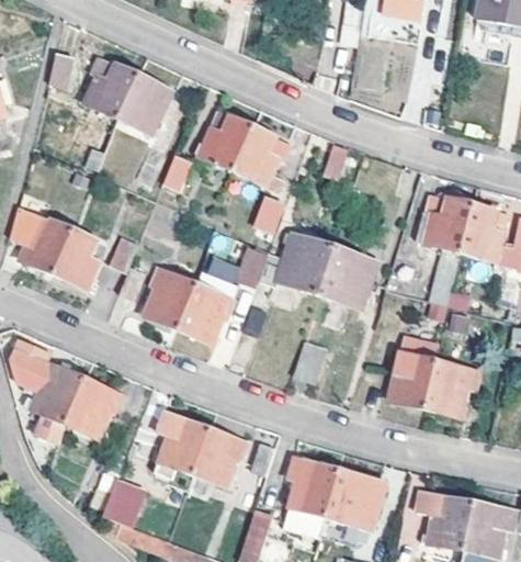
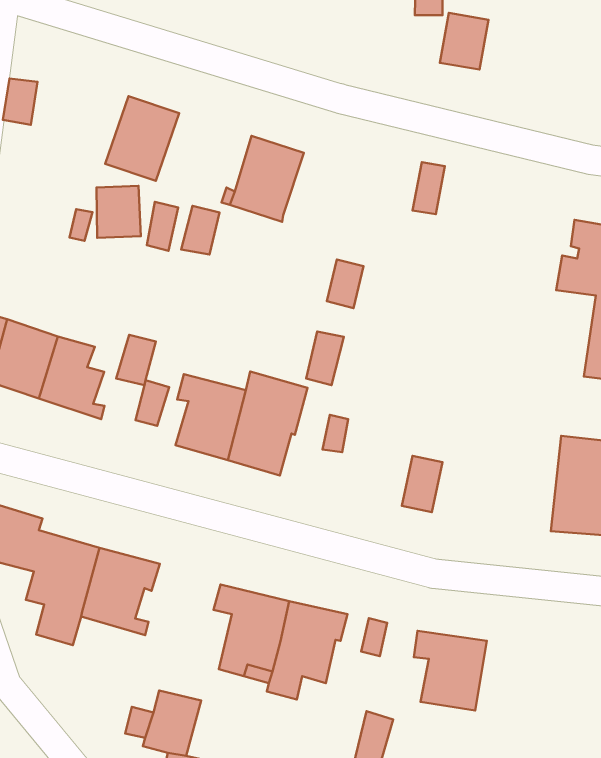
building: [84,56,139,119] -> none
building: [234,126,293,189] -> none
building: [262,234,376,306] -> none
building: [327,470,386,529] -> none

